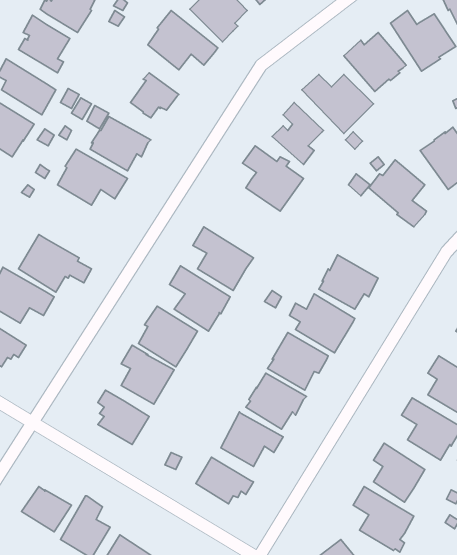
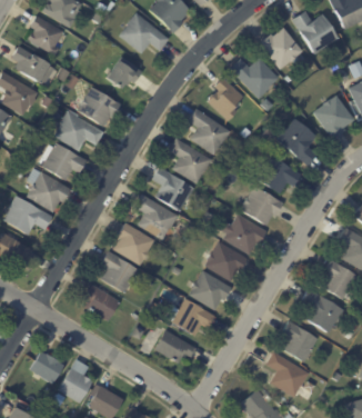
building: none -> [170,138,213,183]
building: none -> [39,141,88,180]
building: none -> [258,156,302,193]

